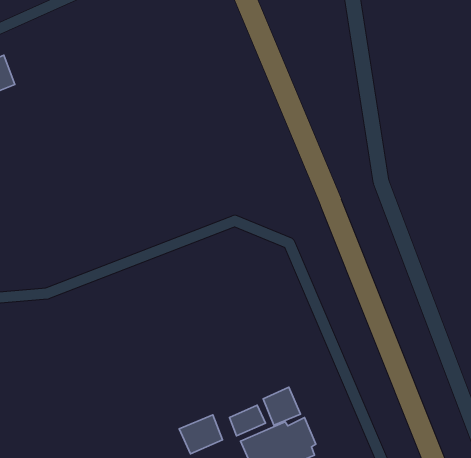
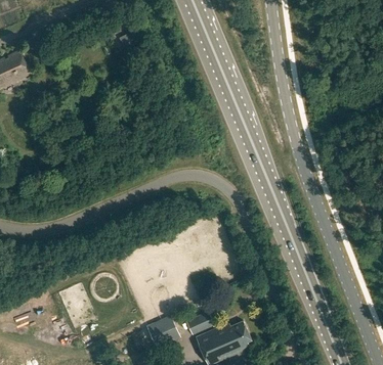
building: [263,387,300,425] -> none

